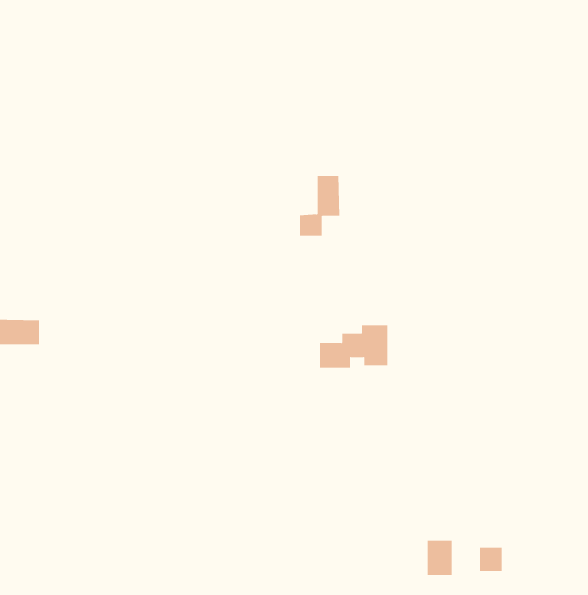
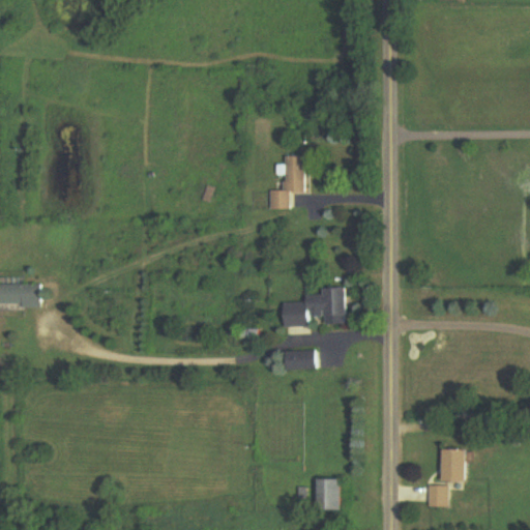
building: none -> [283,351,315,370]
building: none -> [441,448,465,480]
building: [427,540,453,575] -> [319,477,342,508]

